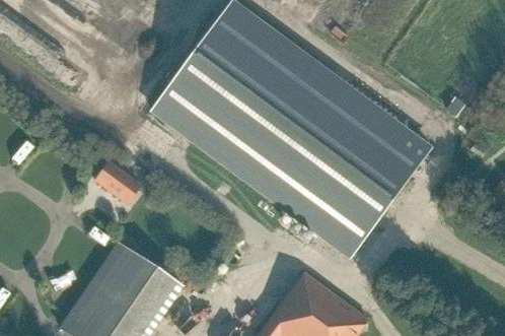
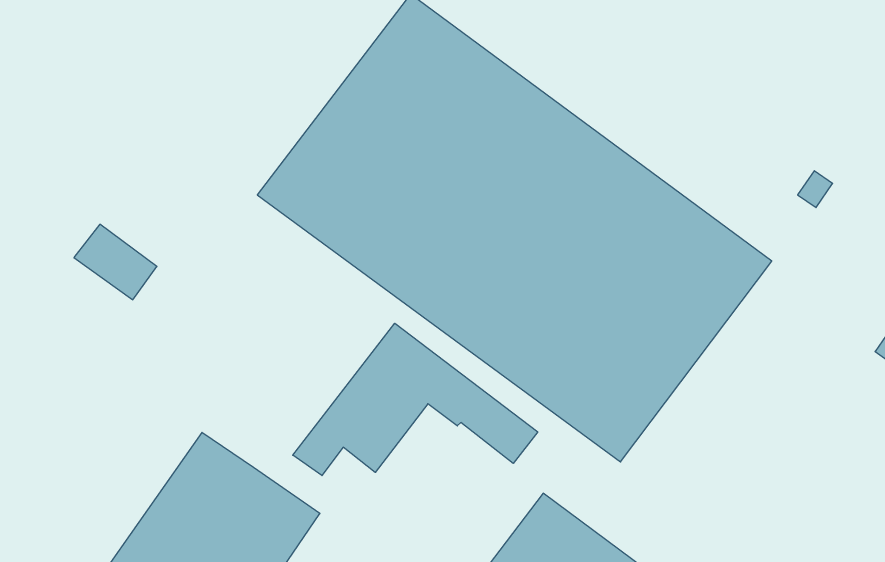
building: [95,161,141,203] -> [74,224,157,300]
building: none -> [293,323,538,476]

